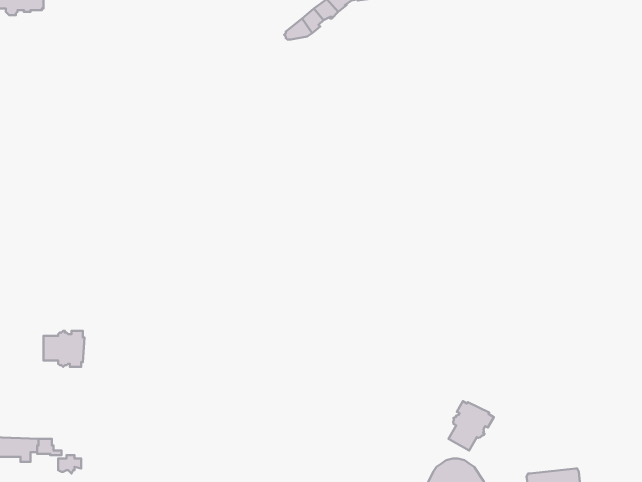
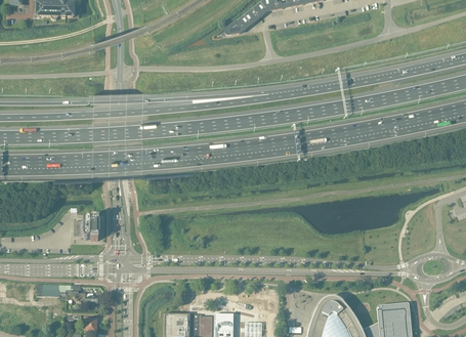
building: [449,401,494,451] -> none

